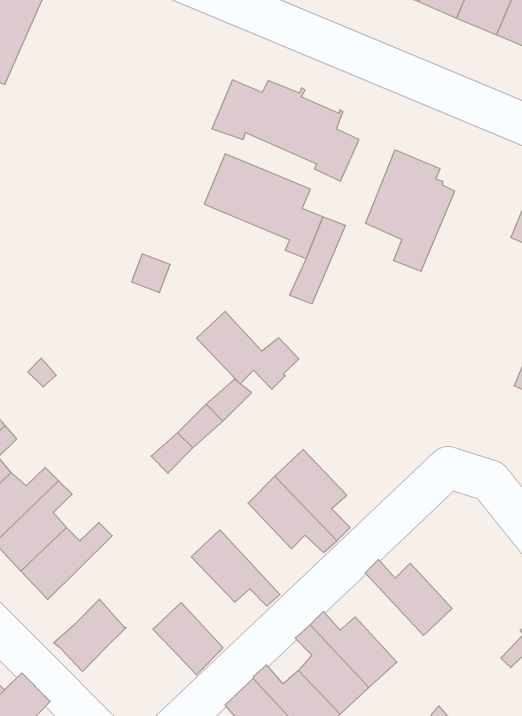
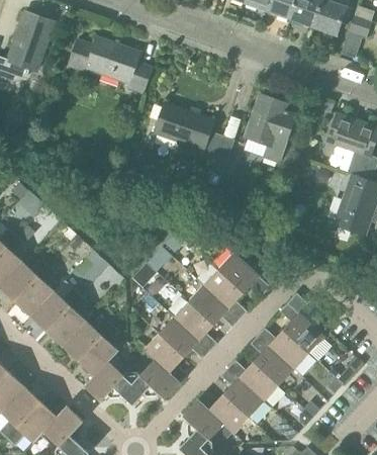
building: [212,80,359,181] -> [66,37,150,92]
building: [197,311,299,389] -> [217,252,276,294]
building: none -> [279,293,323,353]
building: none -> [173,300,217,351]
building: none -> [78,324,119,376]
building: none -> [143,333,187,383]
building: none -> [249,336,292,385]
building: none -> [112,372,150,405]

